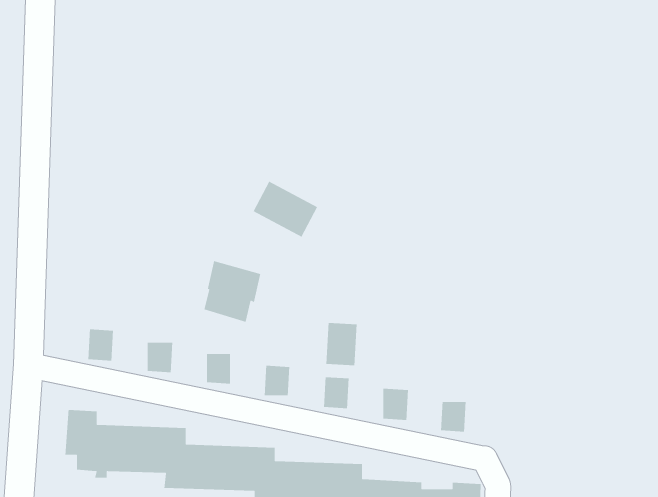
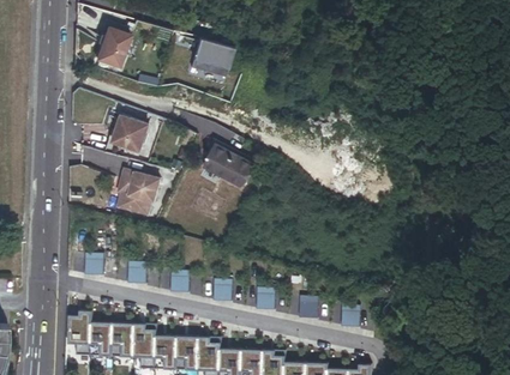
building: none -> [98,23,131,67]
building: none -> [190,40,233,78]
building: none -> [104,113,146,159]
building: [203,260,261,323] -> [116,168,158,213]
building: [326,322,357,366] -> none

